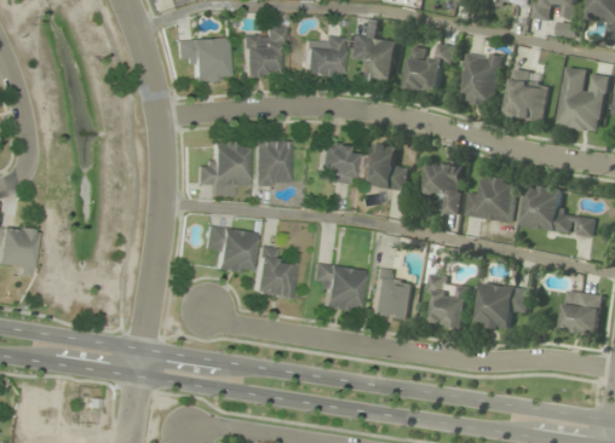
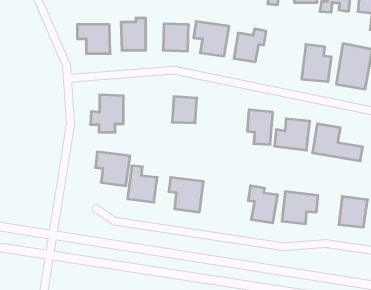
building: [459,50,505,108] -> none
building: [254,139,289,184] -> none
building: [360,142,410,191] -> none
building: [369,266,413,320] -> none

